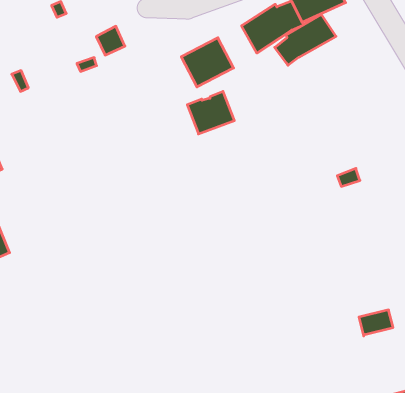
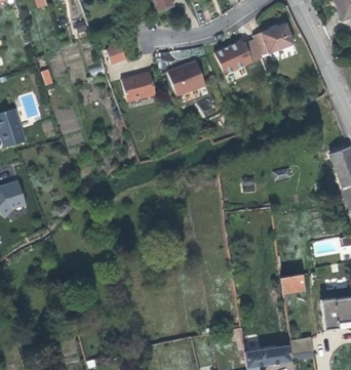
building: [275,15,336,65] -> none
building: [187,91,234,134] -> [121,72,155,101]

